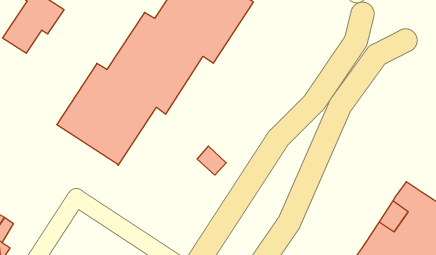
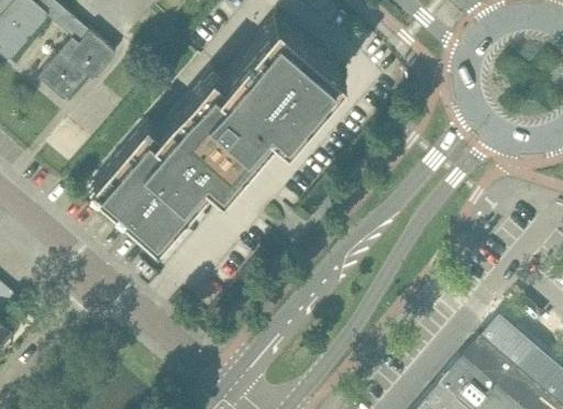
building: [197,146,226,175] -> none

